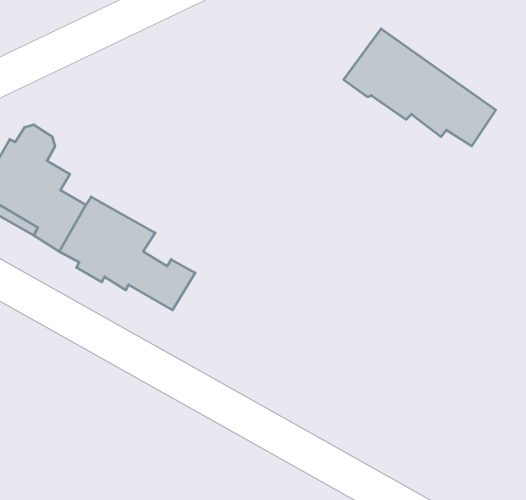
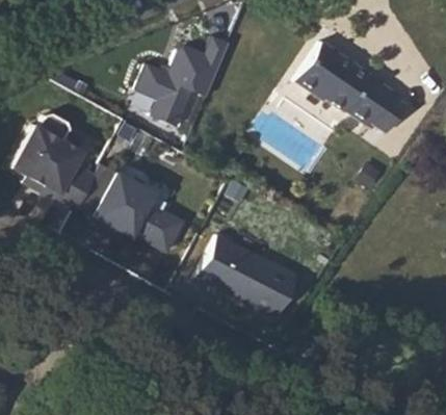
building: none -> [138,34,233,128]
building: none -> [195,234,294,317]

